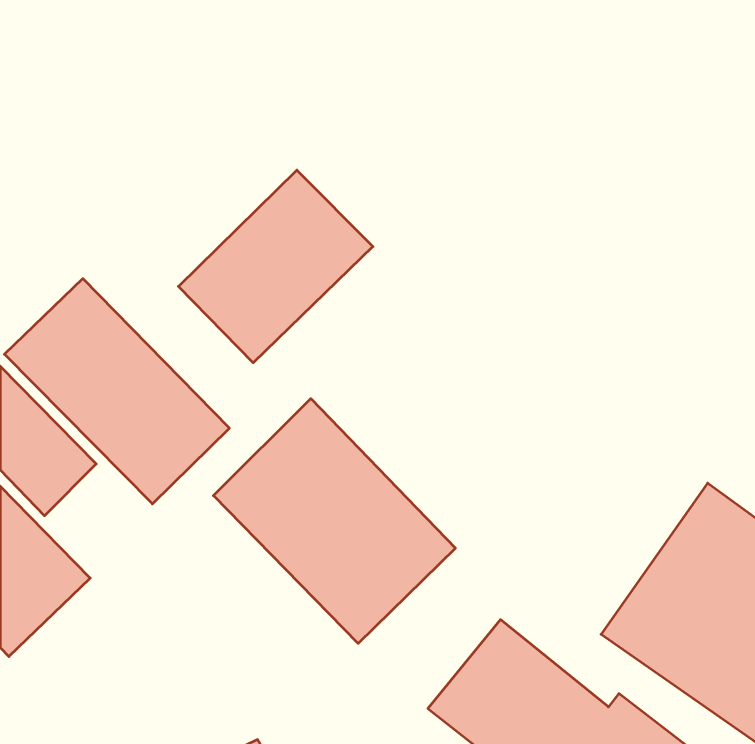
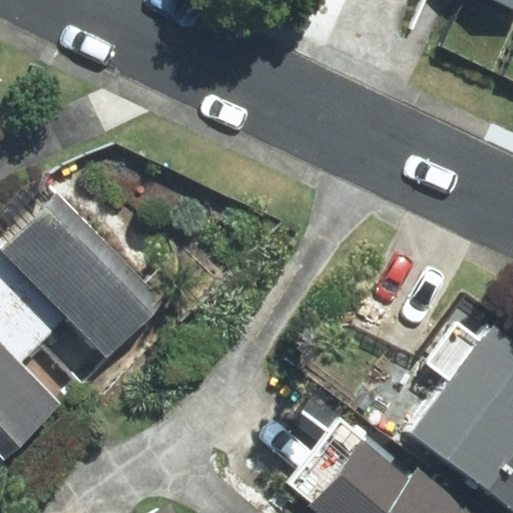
building: [178,170,373,363] -> none
building: [213,399,455,643] -> none

